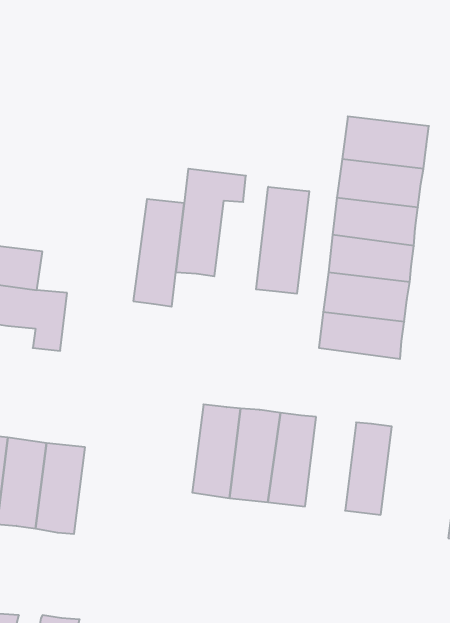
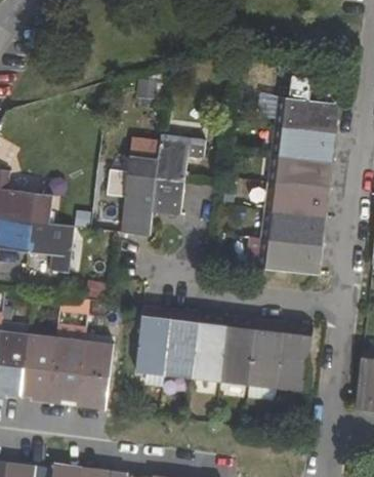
building: [256,187,309,294] -> none
building: none -> [134,306,172,375]
building: none -> [248,319,286,389]
building: none -> [76,342,113,409]

